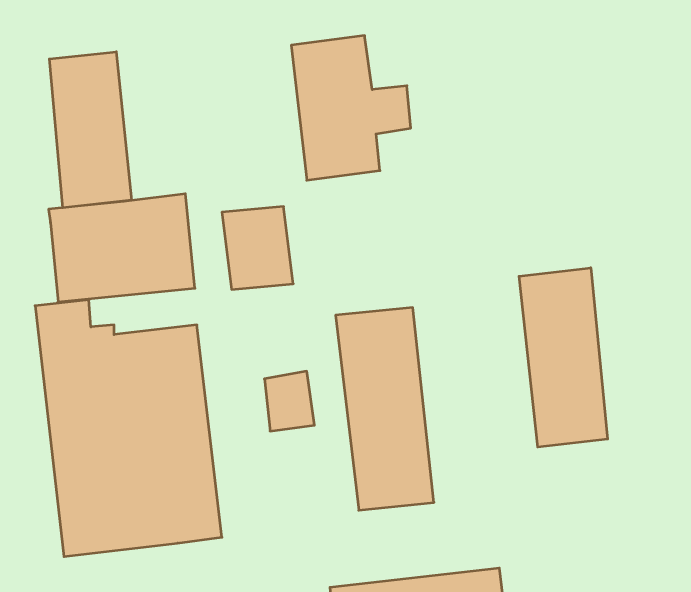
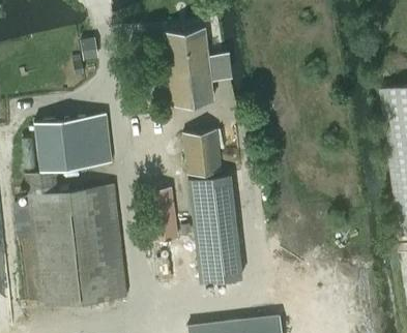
building: [49,52,131,208] -> none
building: [222,207,293,289] -> [183,131,222,176]
building: [519,268,608,447] -> none

